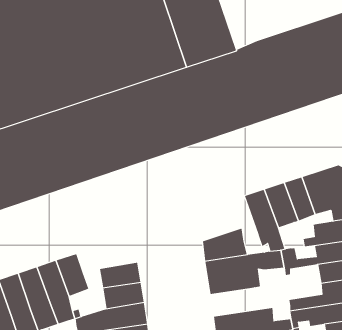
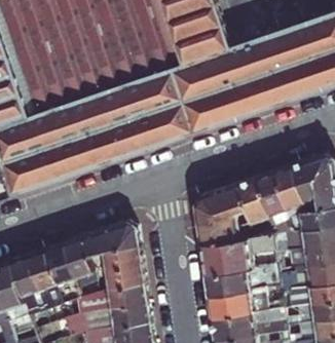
building: none -> [193,184,248,226]
building: none -> [80,222,137,256]
building: none -> [203,265,277,296]

